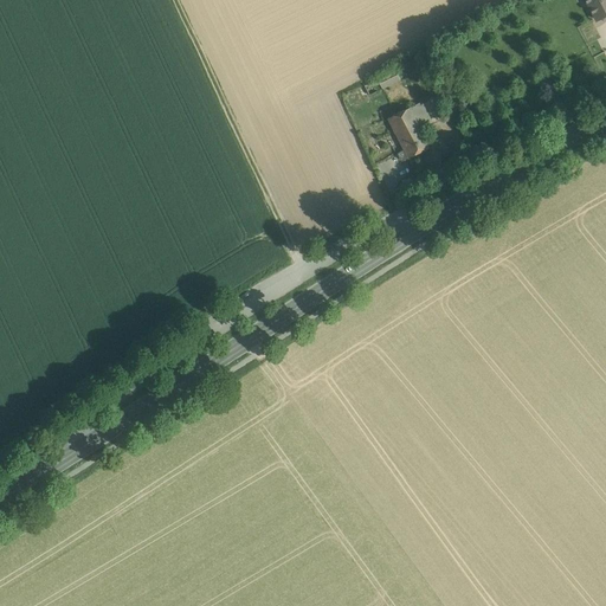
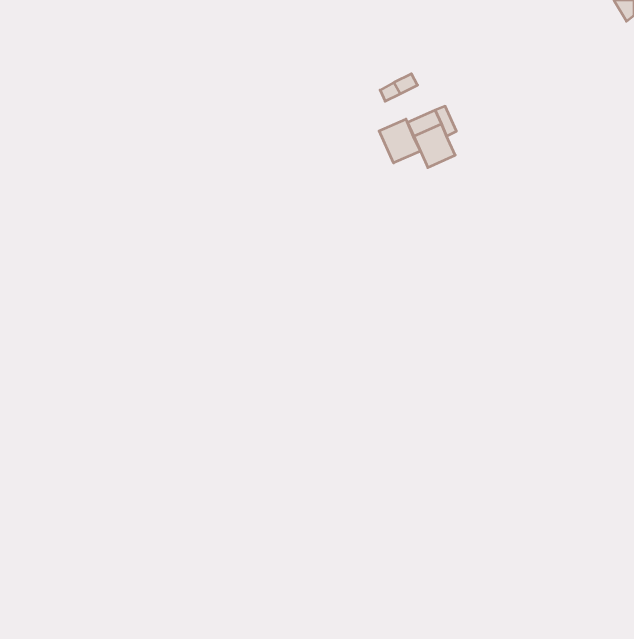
building: none -> [379,119,420,163]

